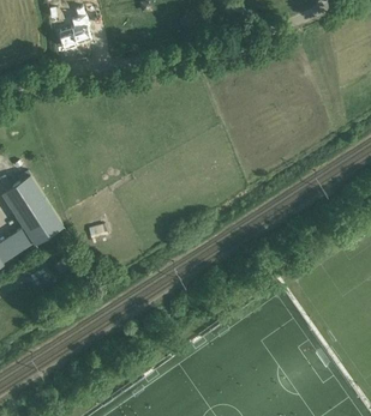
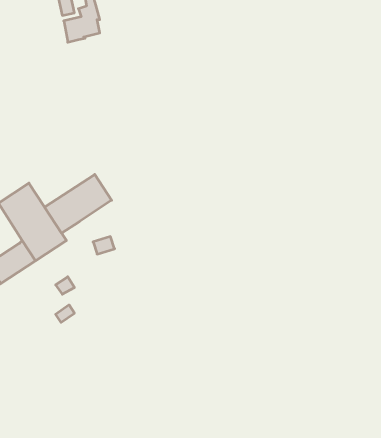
building: none -> [45,174,112,233]

